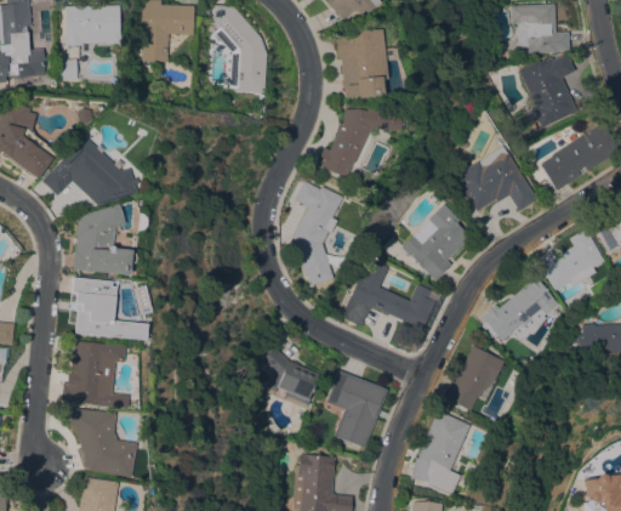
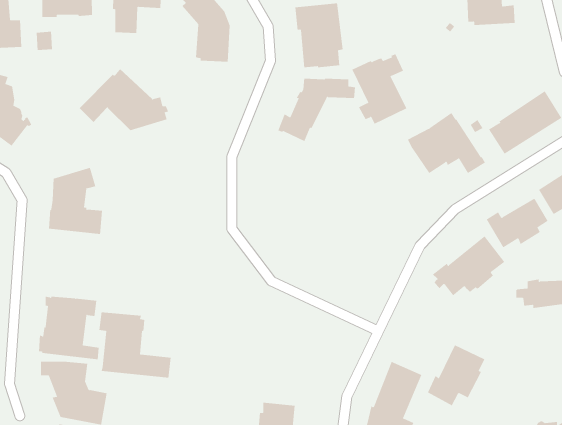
building: [519,53,579,129] -> [351,54,407,124]
building: [41,138,137,205] -> [79,68,169,131]
building: [294,181,343,285] -> none
building: [401,204,471,280] -> none
building: [342,272,435,330] -> none
building: [68,277,146,347] -> [99,312,171,378]
building: [444,346,506,411] -> [427,344,485,406]
building: [262,347,320,409] -> none
building: [326,370,388,448] -> none

